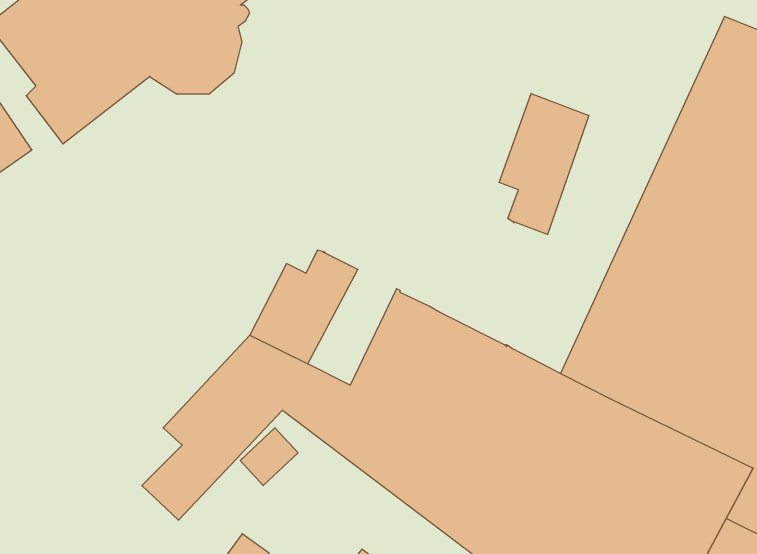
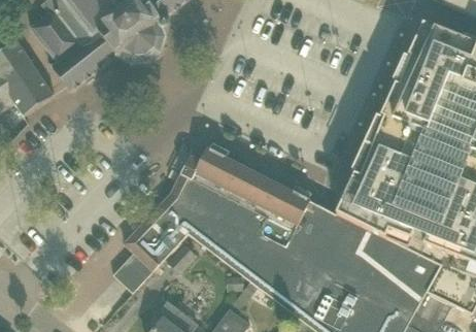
building: [499,93,589,235] -> none
building: none -> [202,158,249,220]

